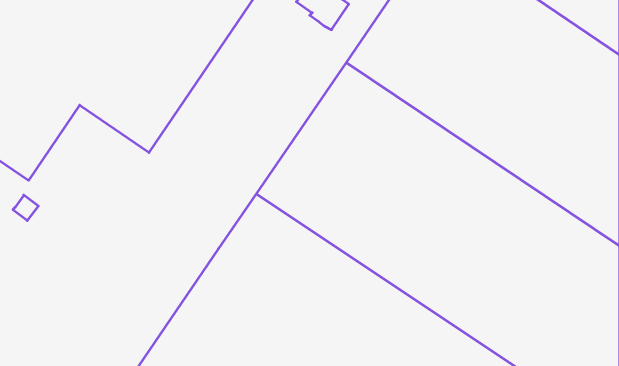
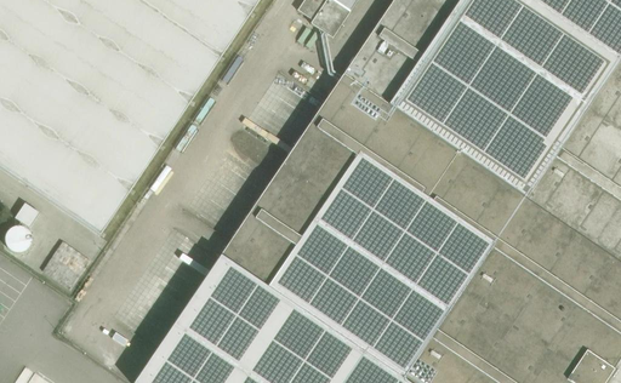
building: none -> [30,114,150,236]

